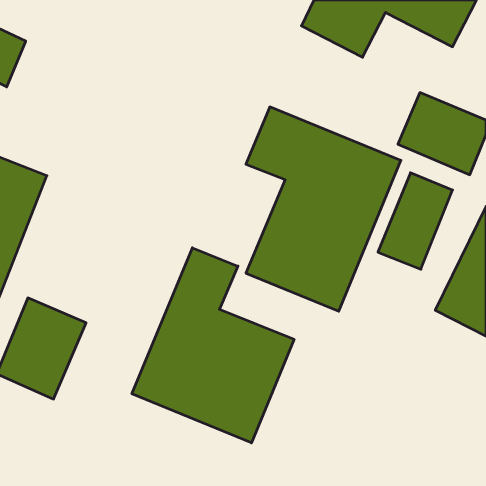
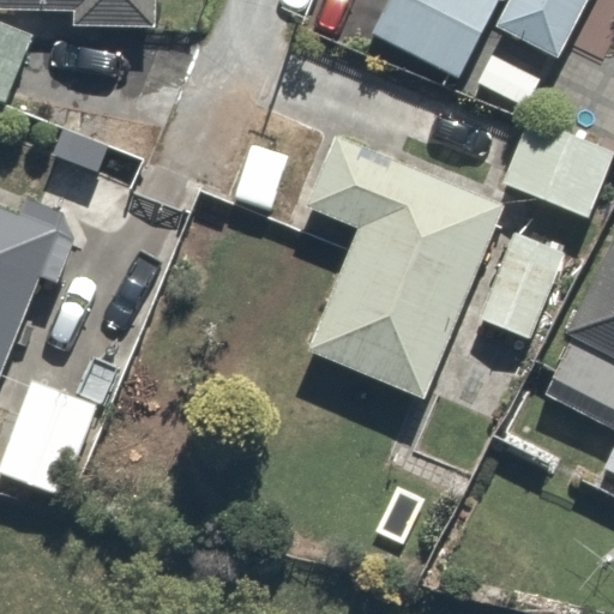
building: [132,248,294,443] -> none

